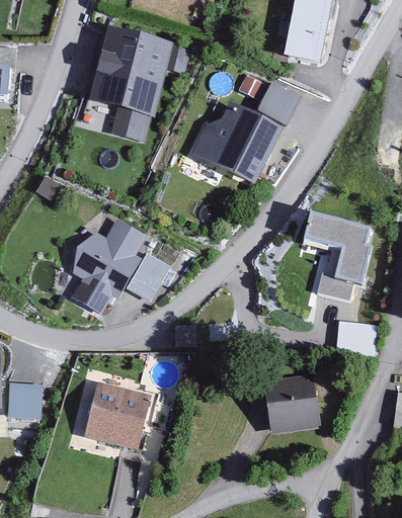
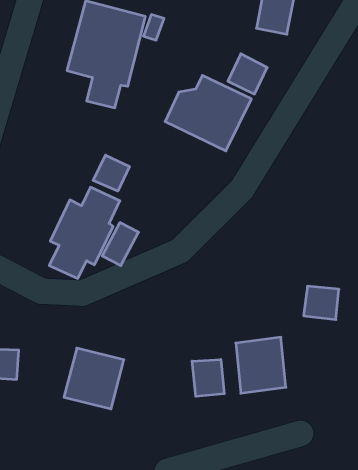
building: none -> [93,155,129,191]
building: [303,212,374,301] -> none
building: none -> [192,359,224,396]

